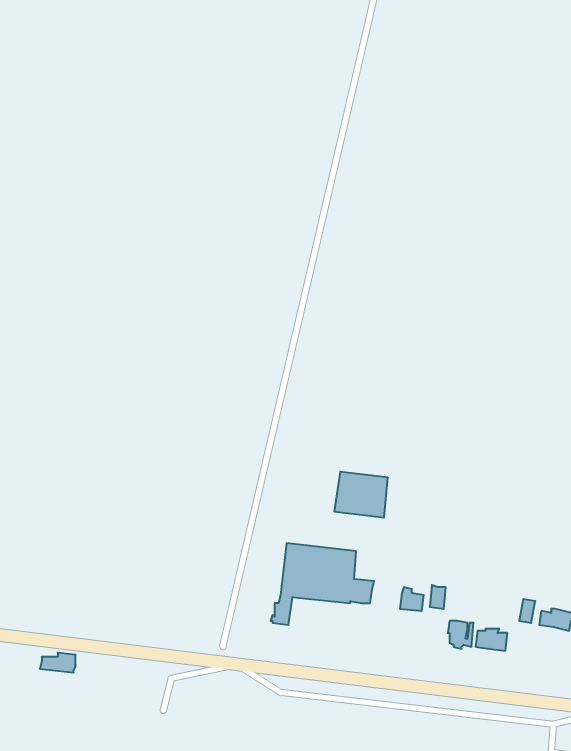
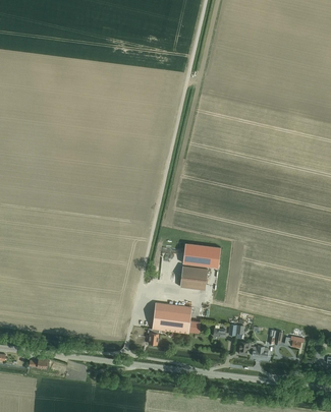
building: none -> [183,243,221,268]

